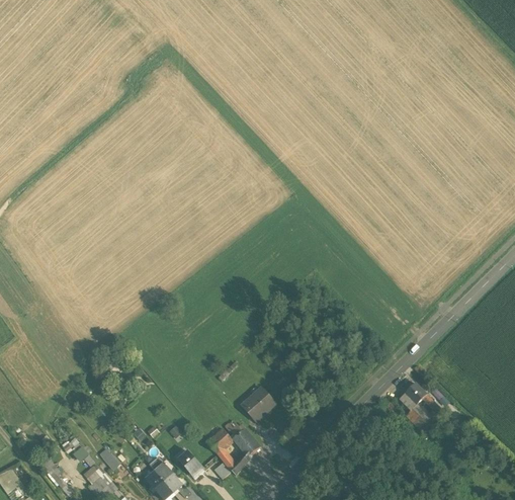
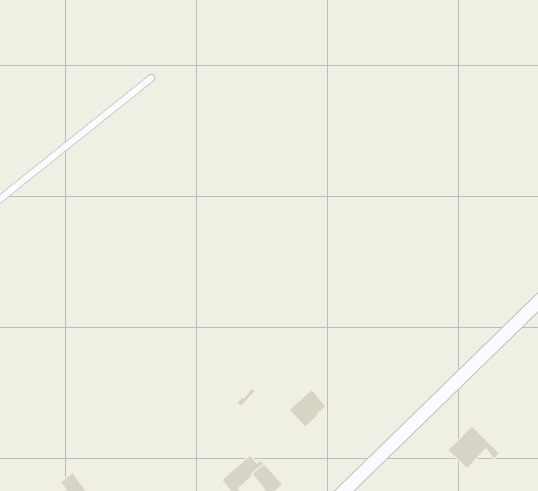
building: [400,384,427,411] -> none
building: [242,388,274,421] -> [289,389,326,427]

